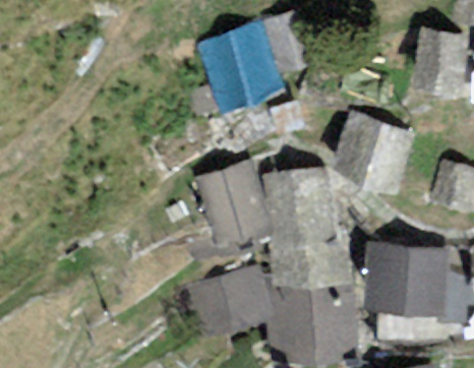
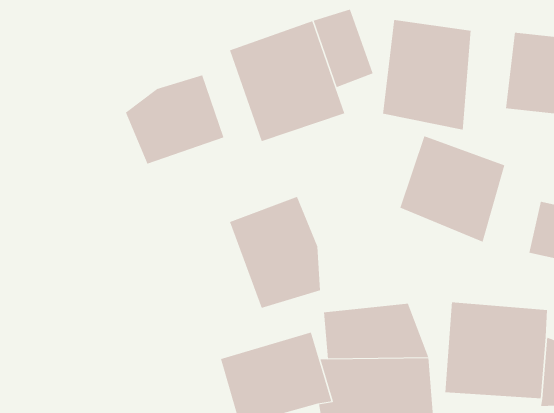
building: none -> [383,19,471,130]
building: none -> [125,74,224,165]
building: [264,168,338,249] -> none

